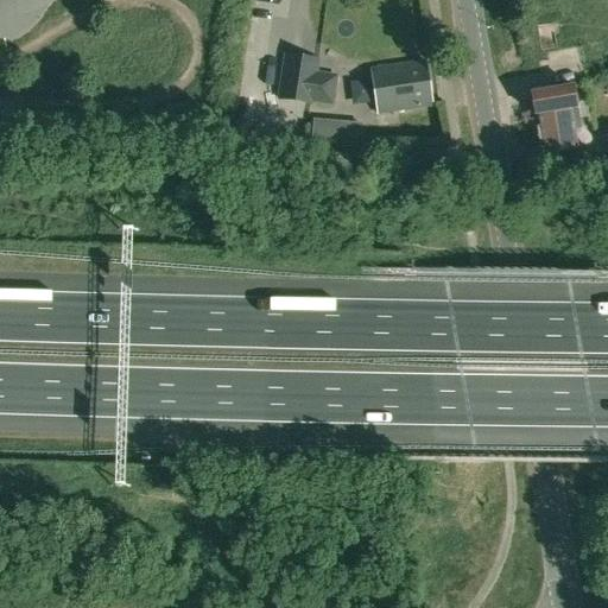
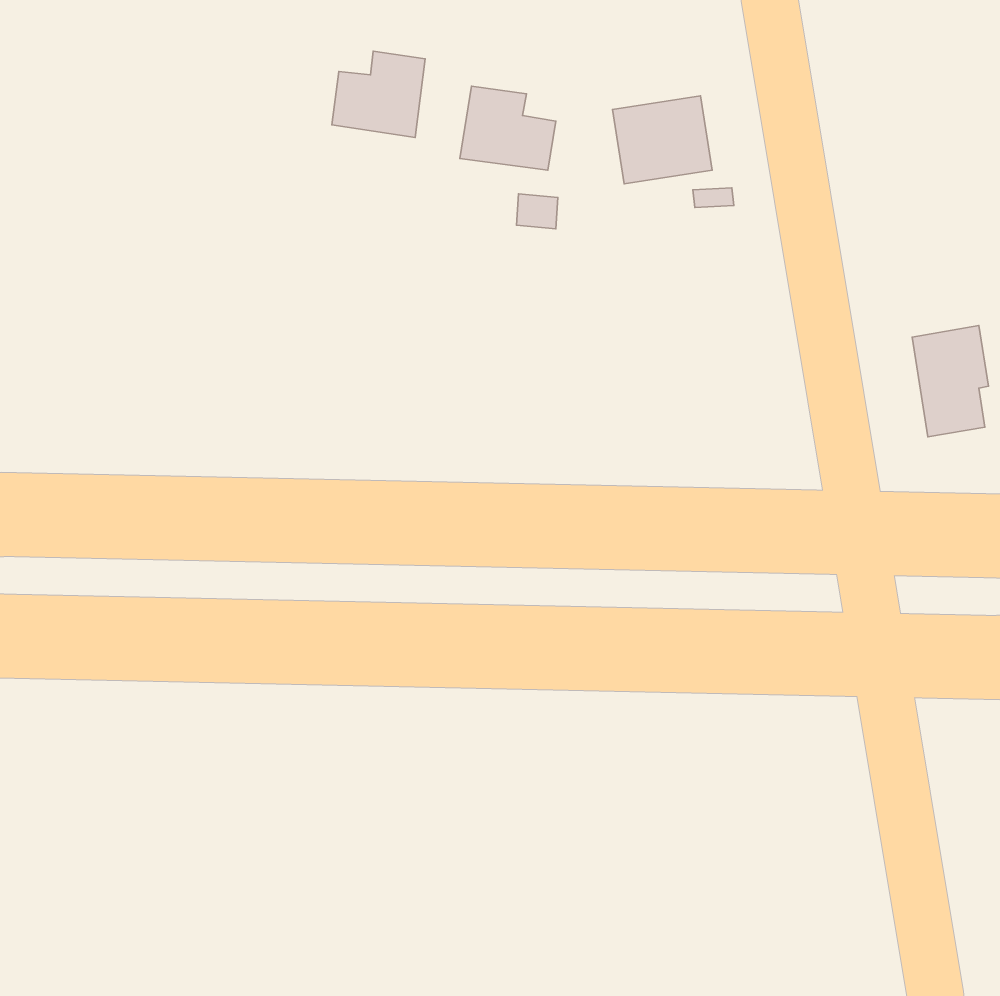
building: none -> [332,51,425,137]
building: [533,83,580,151] -> [912,325,989,437]

